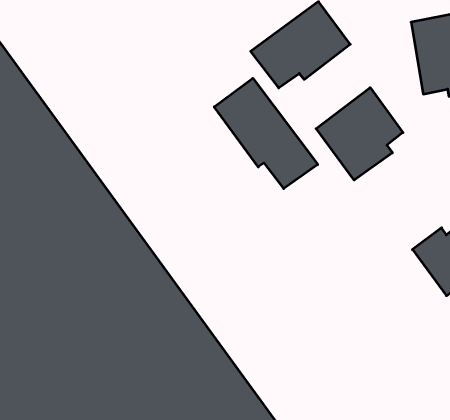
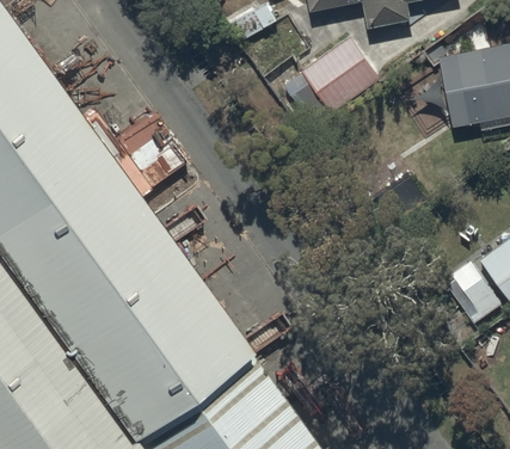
building: [214,78,318,189] -> none
building: [316,88,403,180] -> none

